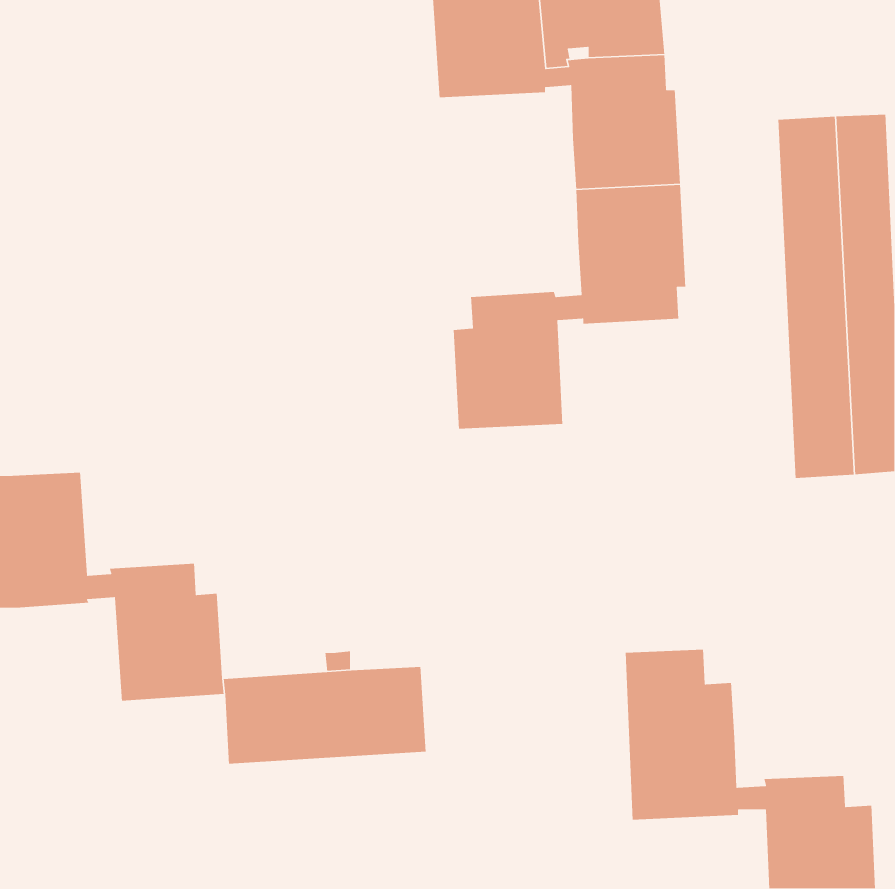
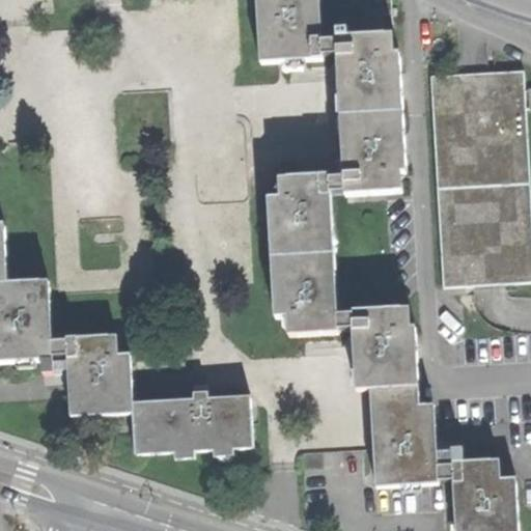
building: none -> [430,71,470,285]
building: none -> [271,251,416,387]

